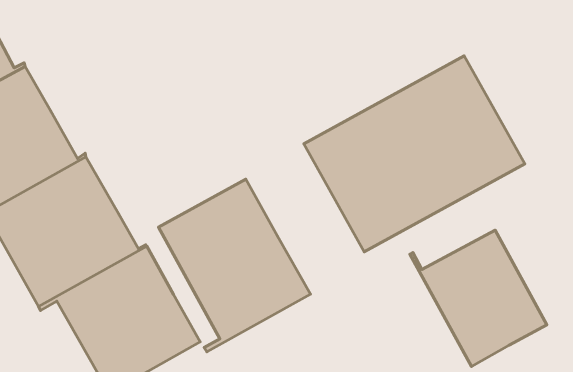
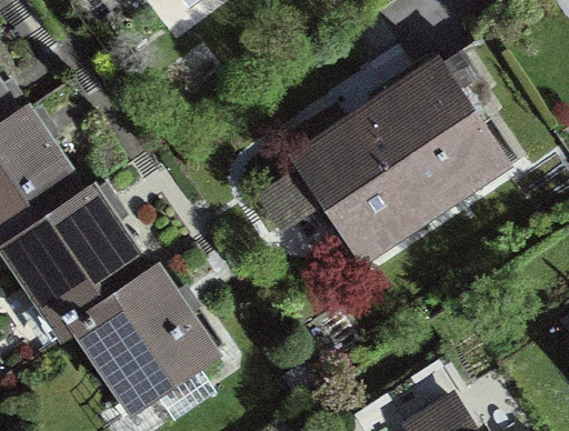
building: [158,179,310,352] -> none
building: [410,230,547,367] -> none

